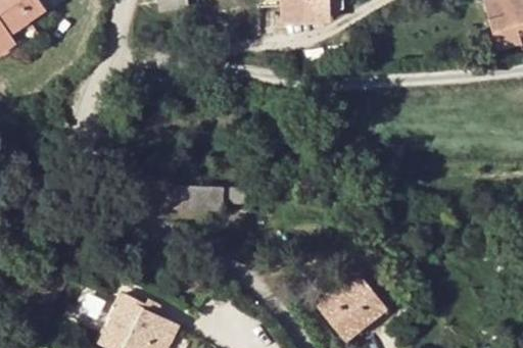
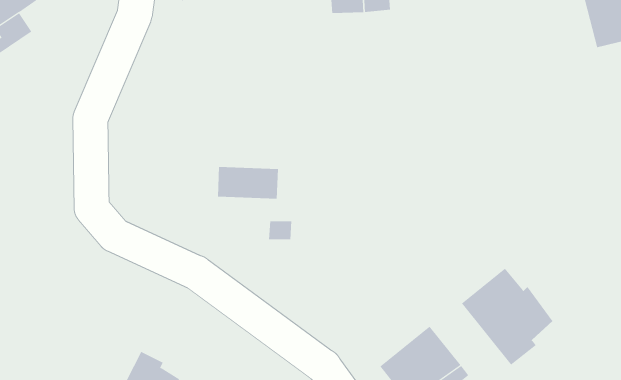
building: [175,185,225,211] -> [217,166,279,199]
building: none -> [461,268,553,366]

